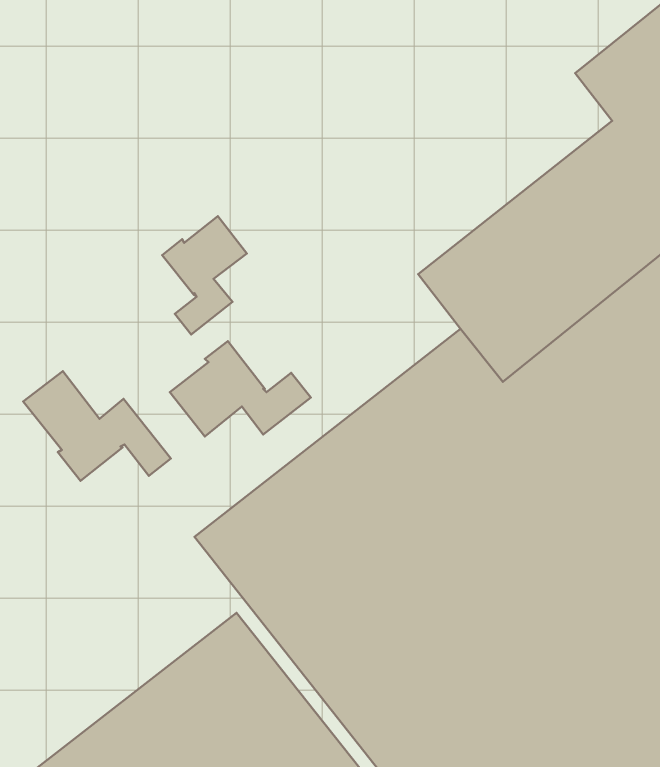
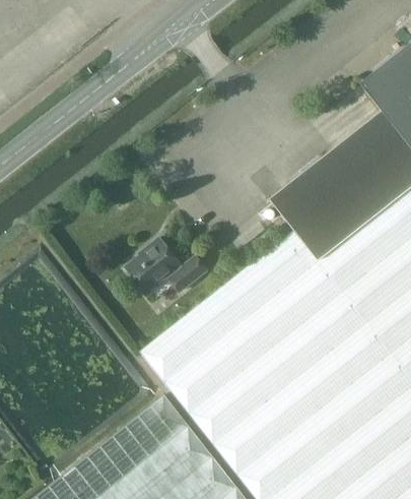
building: [162,216,247,335] -> none
building: [23,371,171,481] -> none

